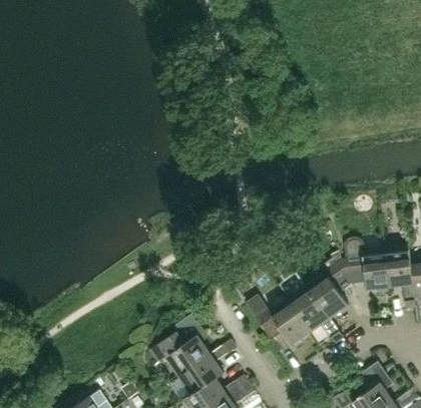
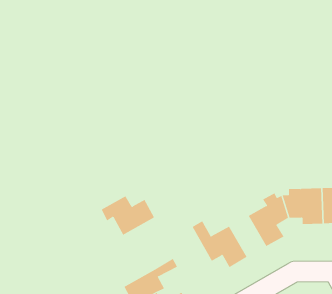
building: [288,286,344,344] -> none
building: [150,333,210,377] -> [101,196,155,236]

